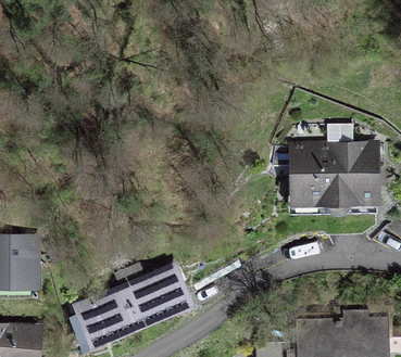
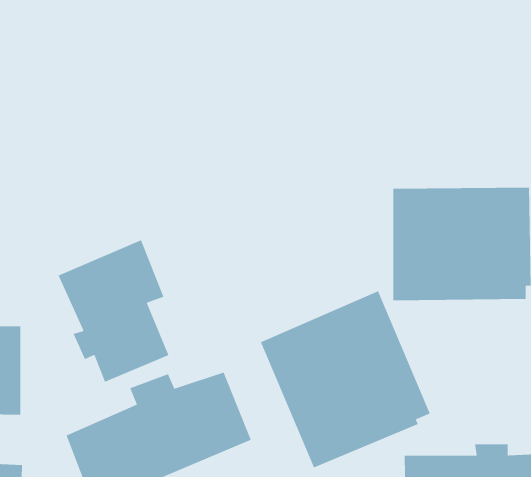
building: none -> [57,239,170,383]
building: none -> [260,290,431,469]

